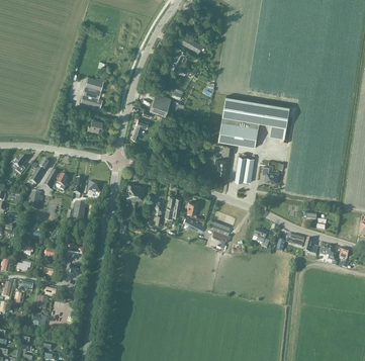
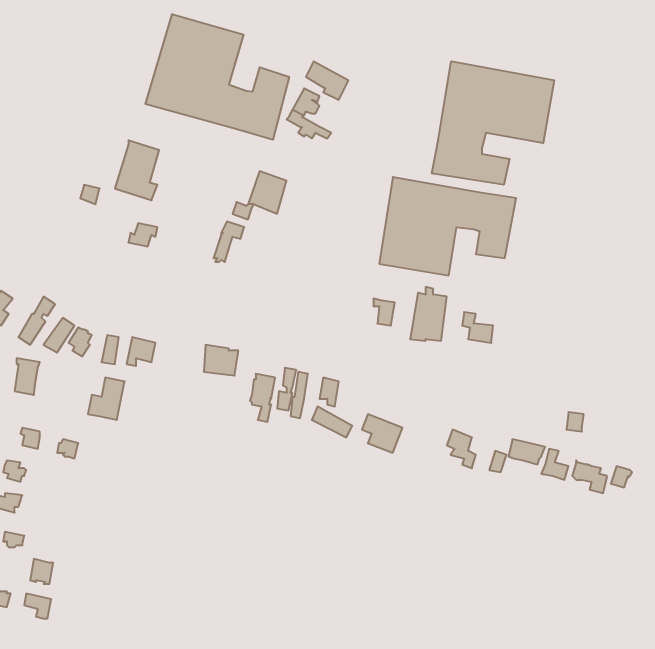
building: none -> [145,14,289,140]
building: none -> [432,61,554,185]

